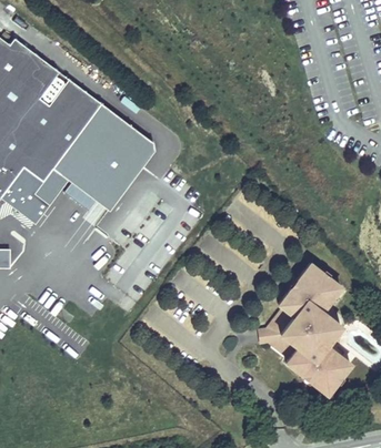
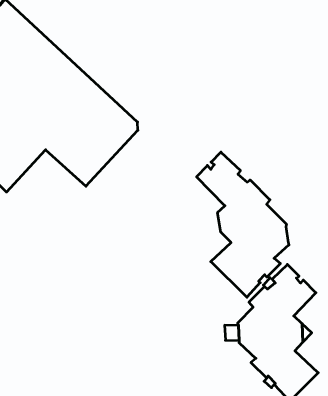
building: none -> [197,152,289,297]

